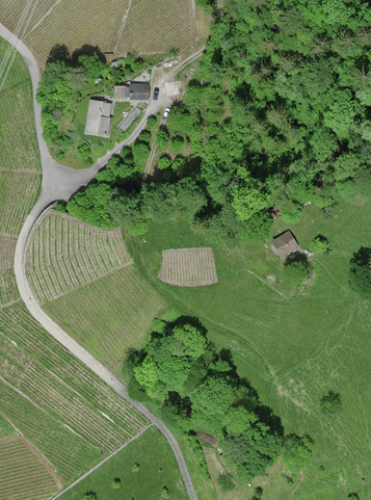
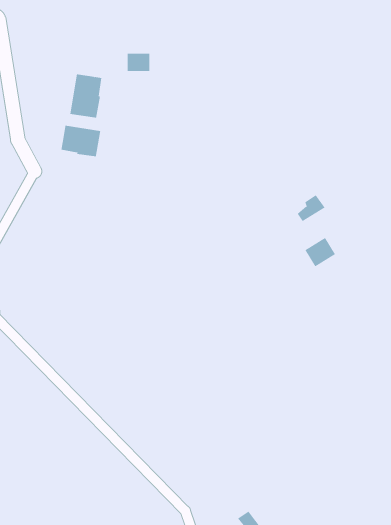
building: none -> [61,125,101,157]

